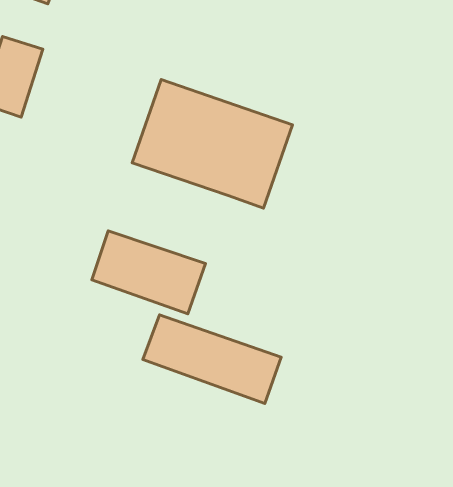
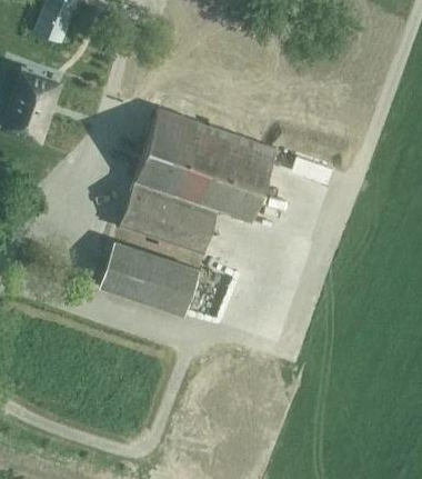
building: none -> [119,182,219,256]
building: [143,315,281,403] -> none

